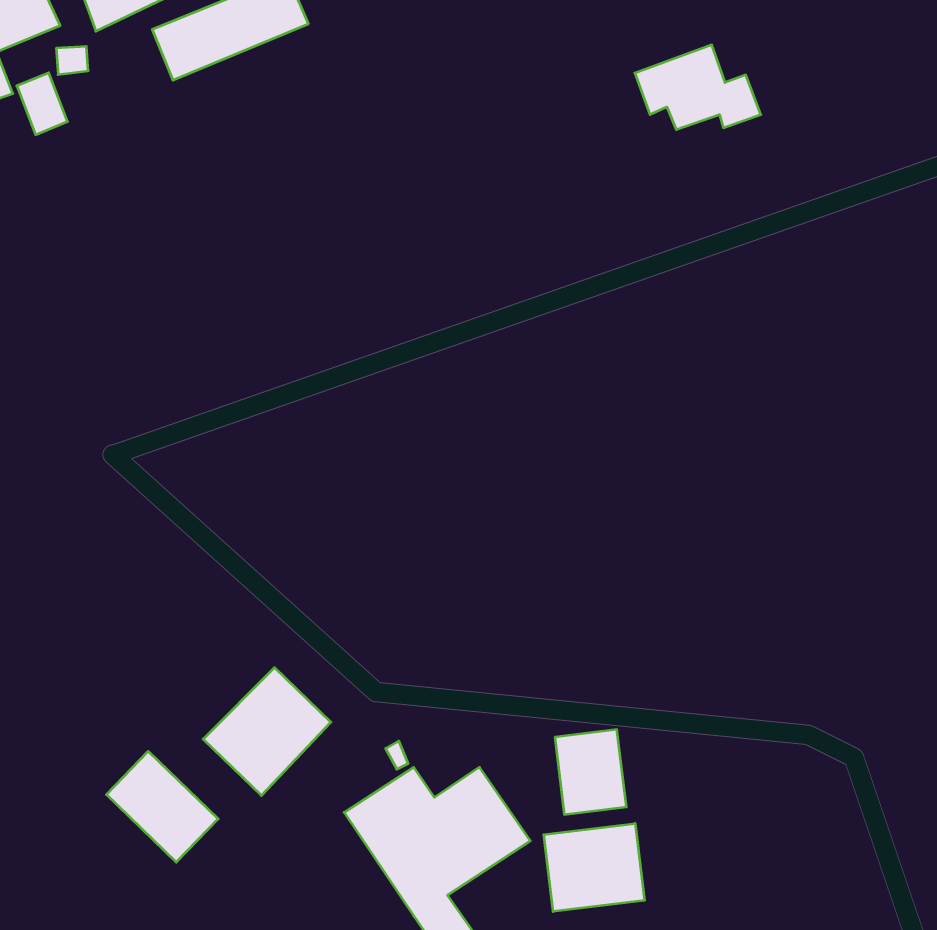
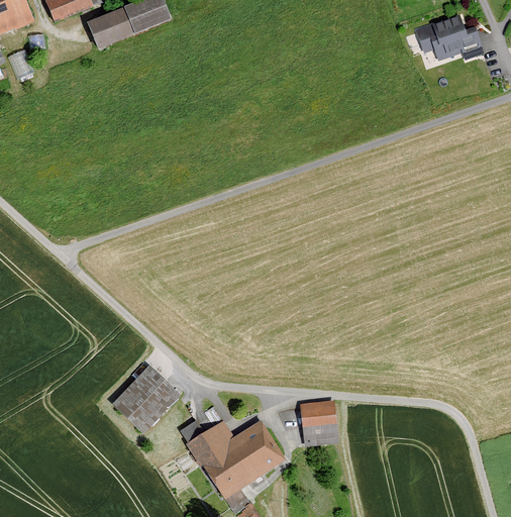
building: [635,45,761,130] -> [416,15,484,61]
building: [106,751,218,862] -> none
building: [544,823,645,912] -> none

